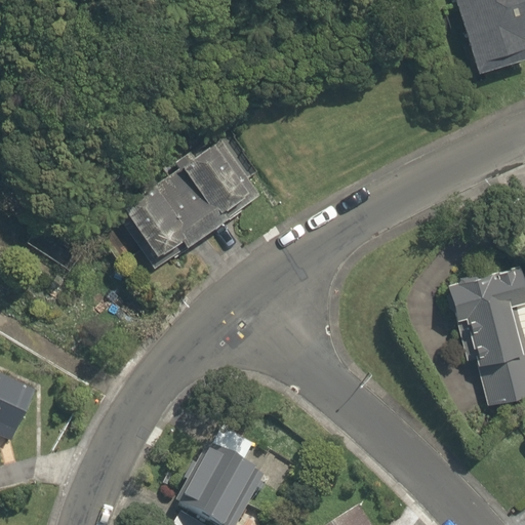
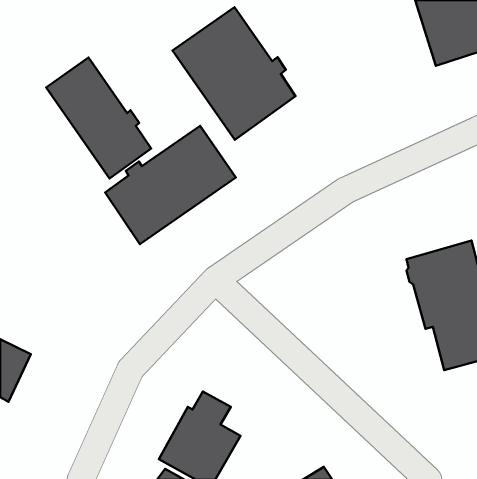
building: none -> [173,7,296,140]
building: none -> [46,58,151,179]

